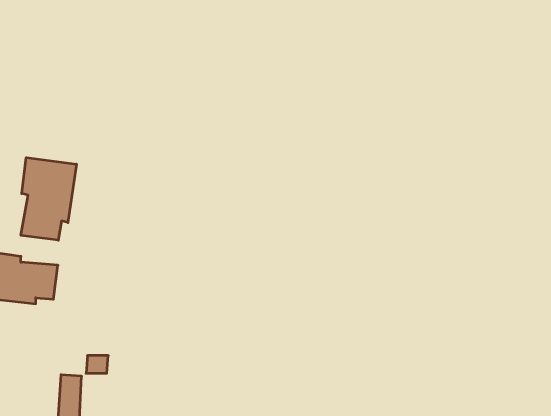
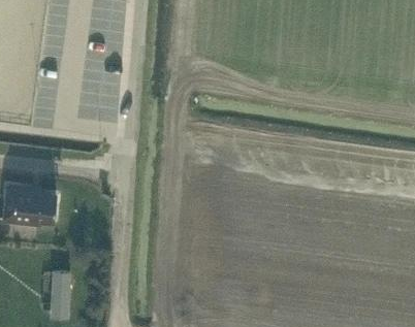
building: [21,158,76,240] -> none

